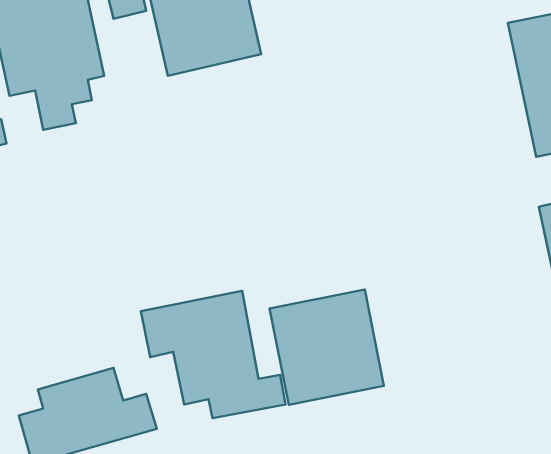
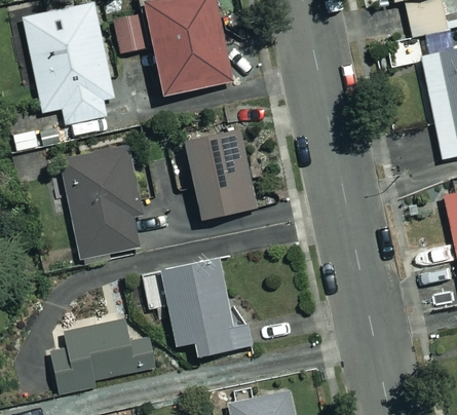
building: none -> [185,130,258,220]
building: none -> [60,143,146,261]
building: [270,289,384,405] -> none

